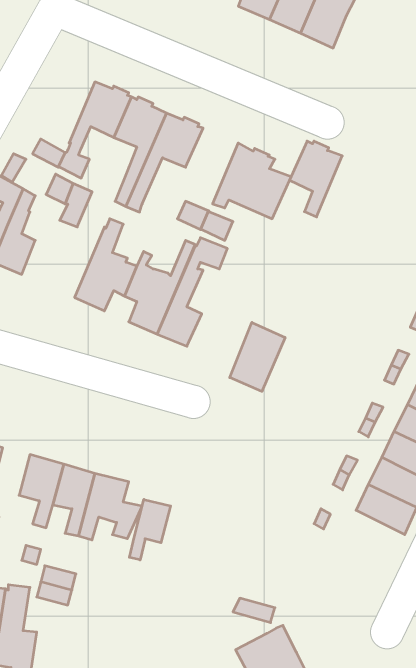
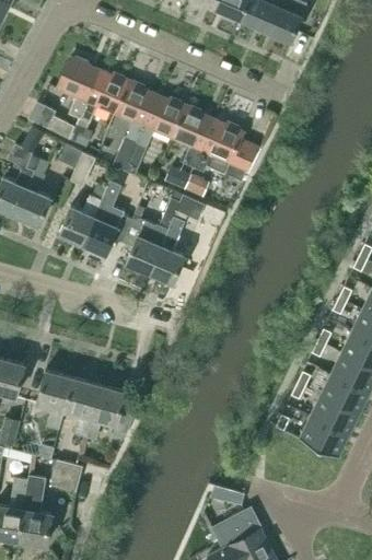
building: none -> [56,56,97,118]
building: [290,141,342,217] -> [171,106,213,167]
building: none -> [58,183,105,243]
building: [230,322,285,391] -> none
building: [129,499,171,560] -> none
building: none -> [298,415,348,456]

